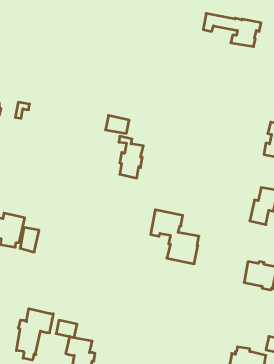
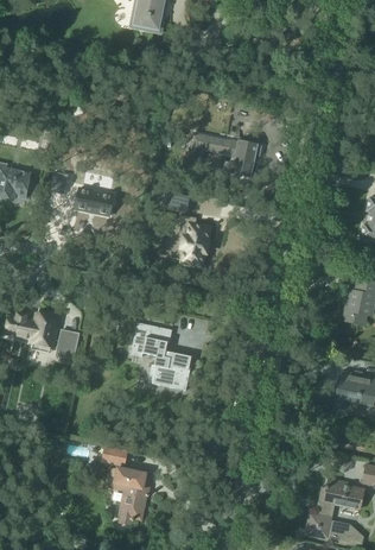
building: [203,13,261,47] -> [189,133,261,175]
building: none -> [75,187,114,215]
building: [151,210,199,264] -> [131,322,191,390]
building: [16,309,53,360] -> none

